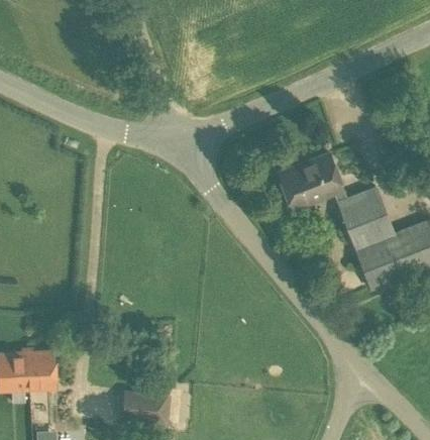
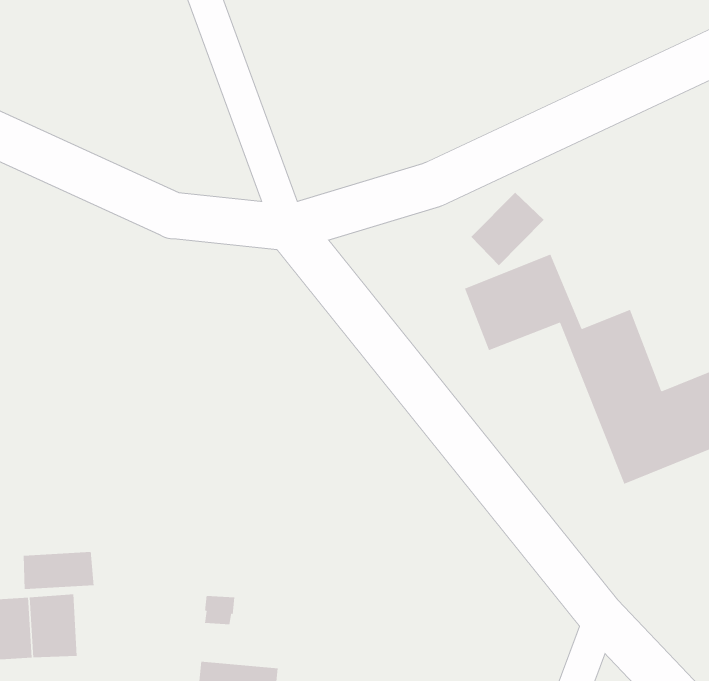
building: none -> [471,192,545,266]
building: none -> [23,551,94,590]

